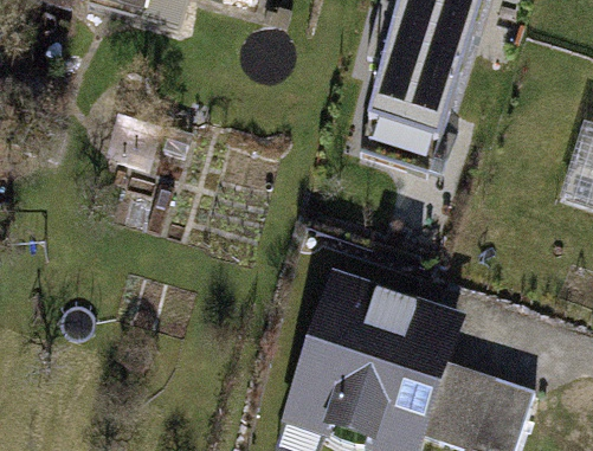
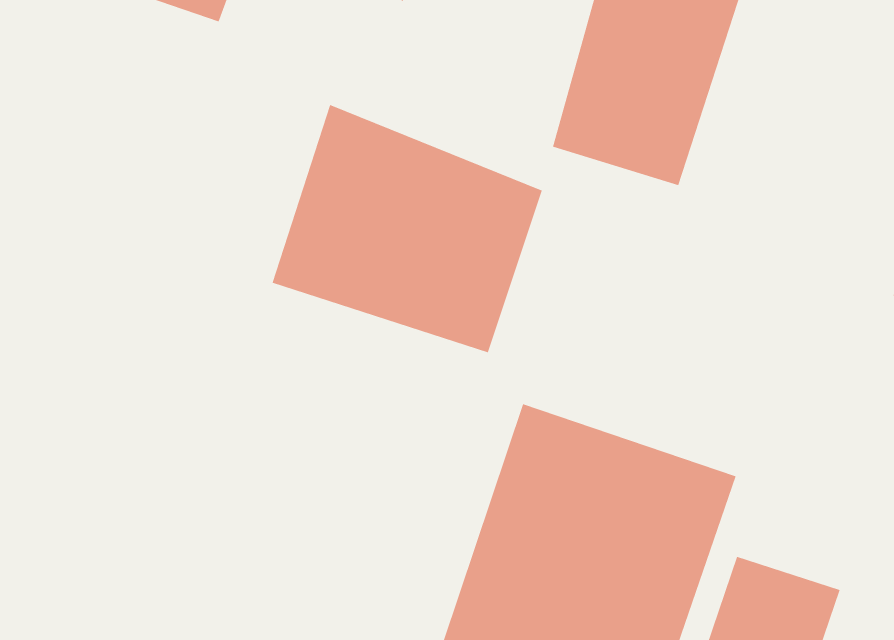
building: none -> [272,104,543,353]

